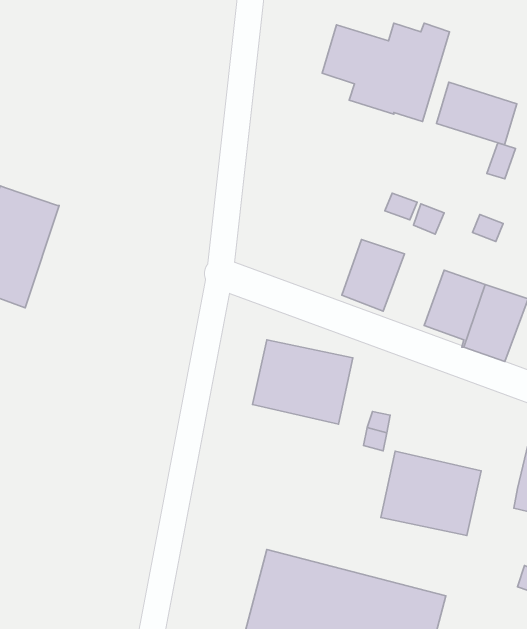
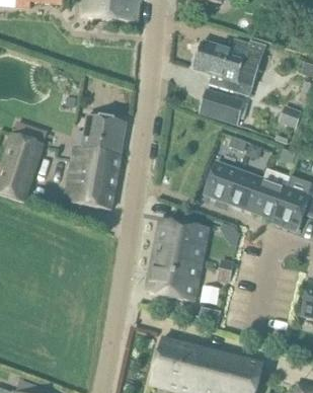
building: [436,82,517,145] -> [201,88,246,124]
building: none -> [65,113,127,209]
building: none -> [228,169,262,210]
building: [381,451,481,535] -> [146,254,203,302]

